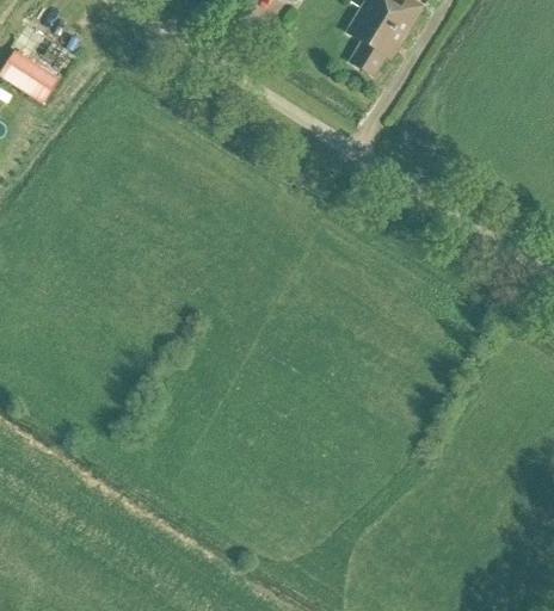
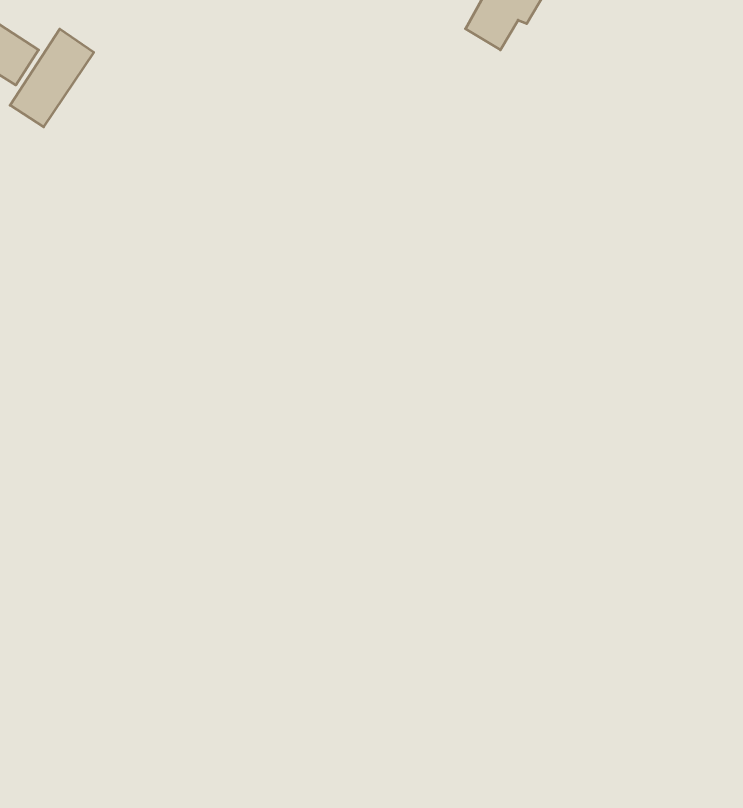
building: none -> [10,29,94,127]

